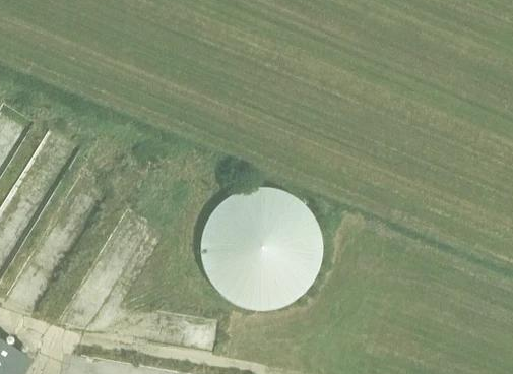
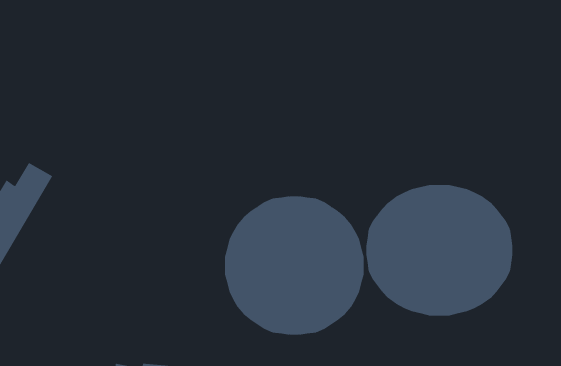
building: none -> [366,184,513,316]

